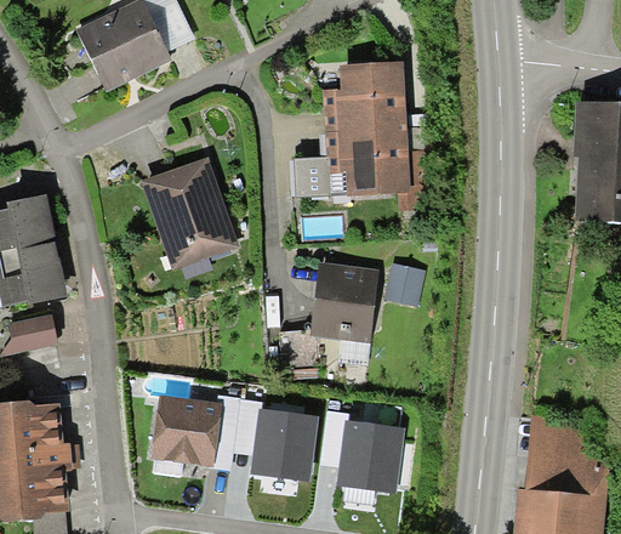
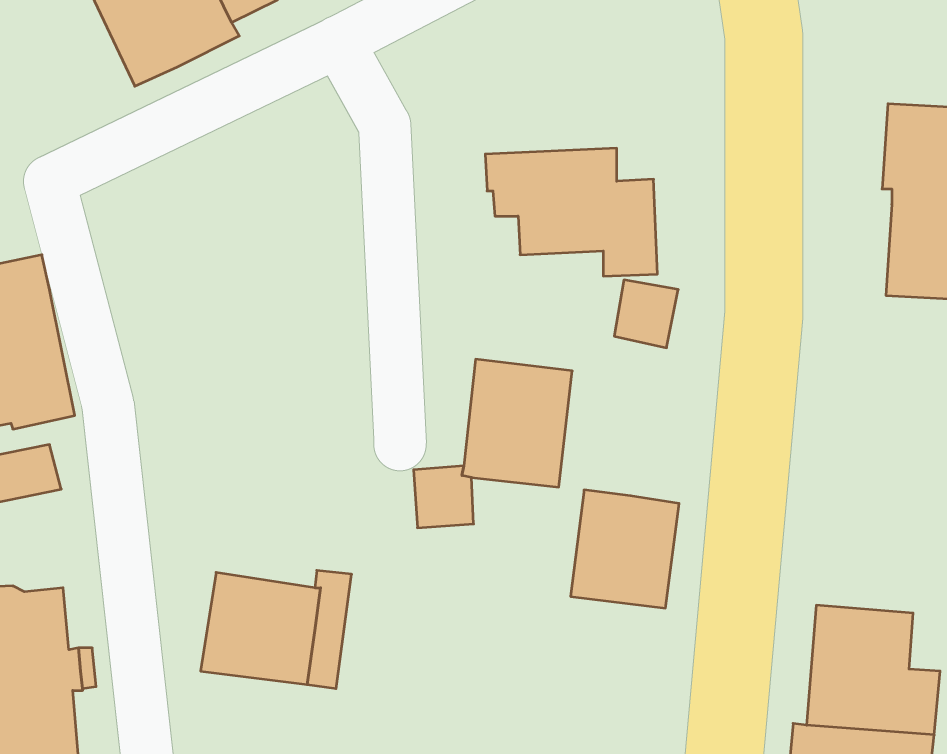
building: [323,62,406,134] -> none
building: [141,157,239,269] -> none
building: [294,157,330,197] -> none
building: [384,262,425,305] -> [614,280,678,348]
building: [250,409,318,483] -> none
building: [336,420,404,494] -> [571,490,679,608]

